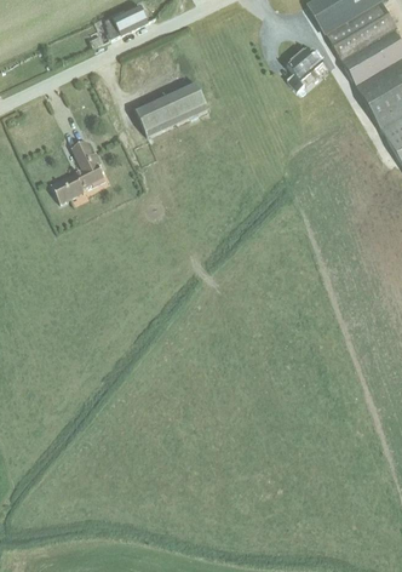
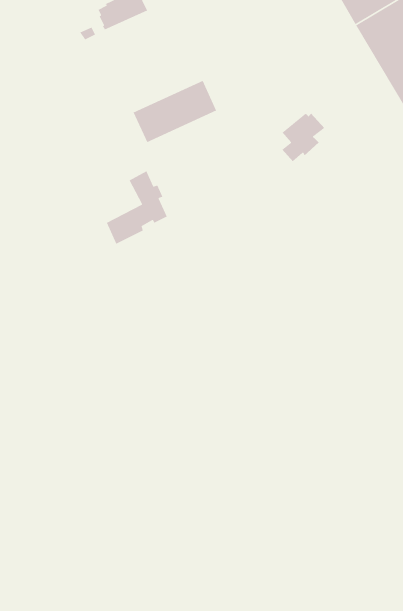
building: [285,47,322,90] -> [282,113,325,162]
building: [50,139,103,204] -> [106,170,168,245]

